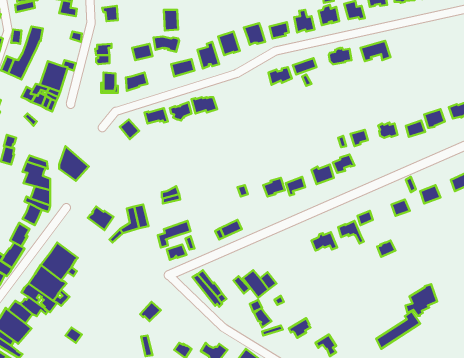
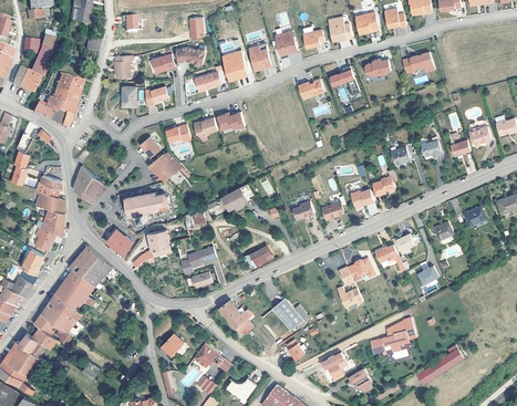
building: none -> [148,152,180,181]
building: none -> [221,183,254,210]
building: none -> [125,192,168,222]
building: none -> [69,244,112,285]
building: none -> [335,266,361,306]
building: [405,284,437,316] -> [381,319,415,353]
building: none -> [195,342,232,371]

